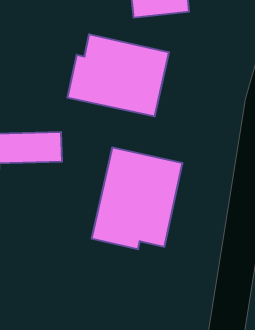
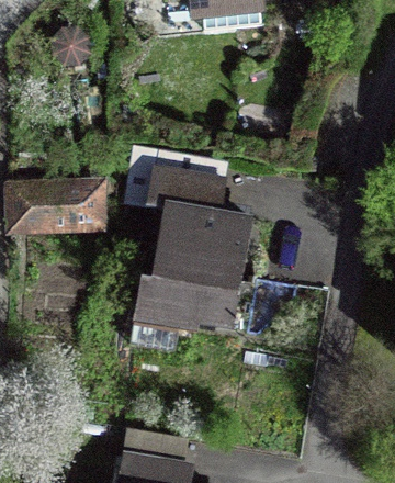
building: [68,34,169,117] -> none

